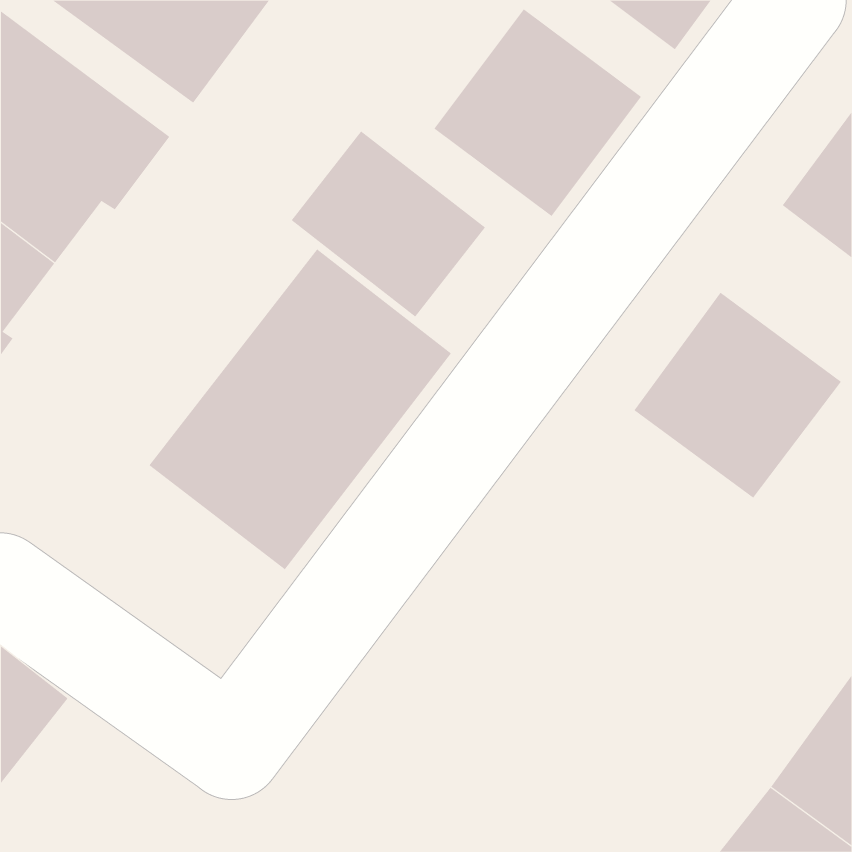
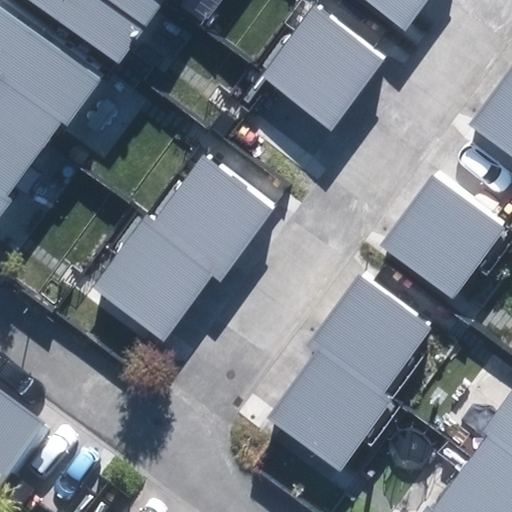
building: [291,130,486,317] -> none
building: none -> [260,277,442,470]

